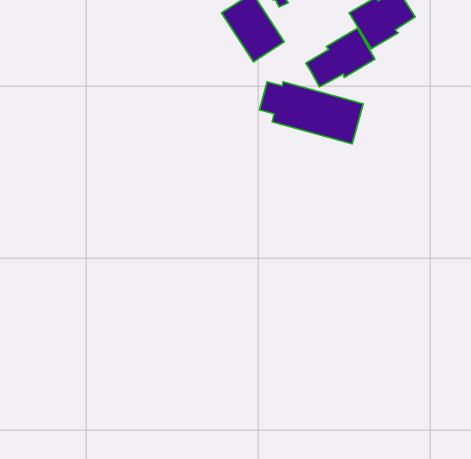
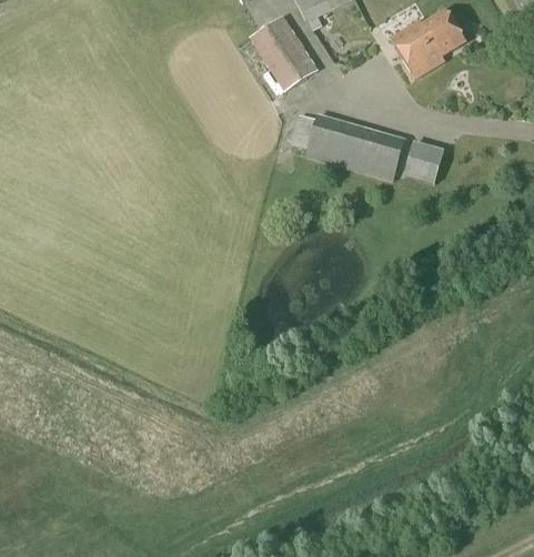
building: [306,28,375,87] -> none
building: none -> [402,141,443,185]

